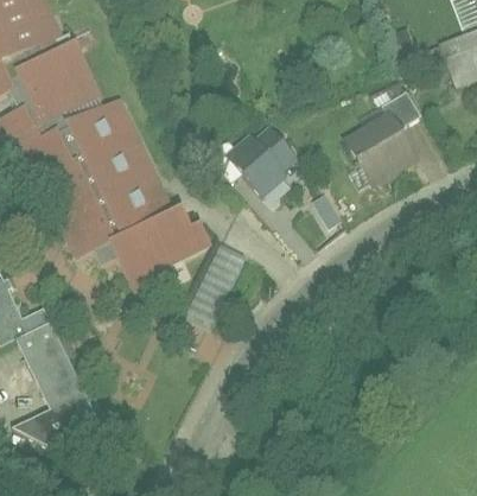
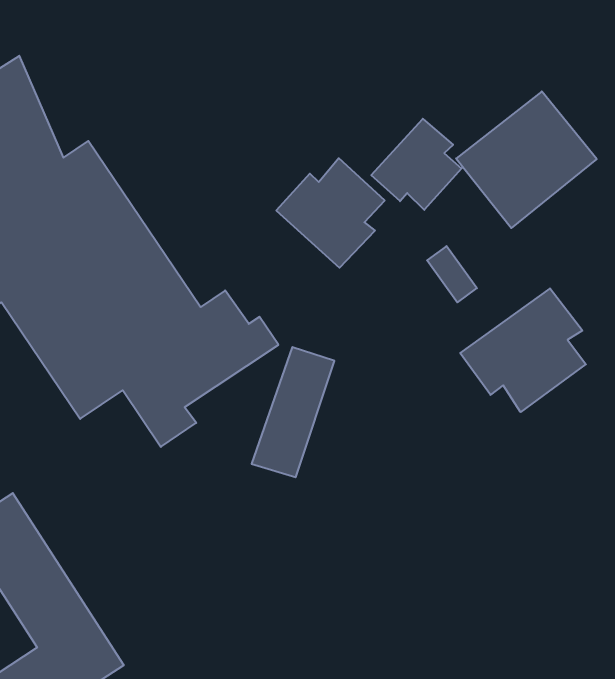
building: none -> [371,119,462,210]
building: none -> [460,288,586,412]

